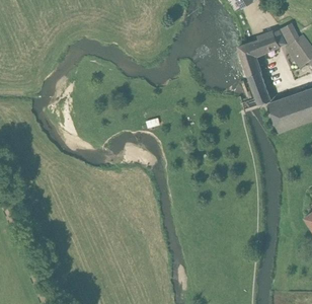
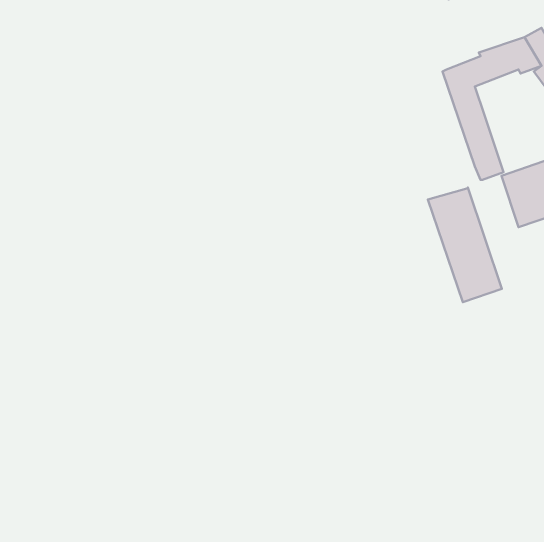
building: none -> [428,188,502,302]

